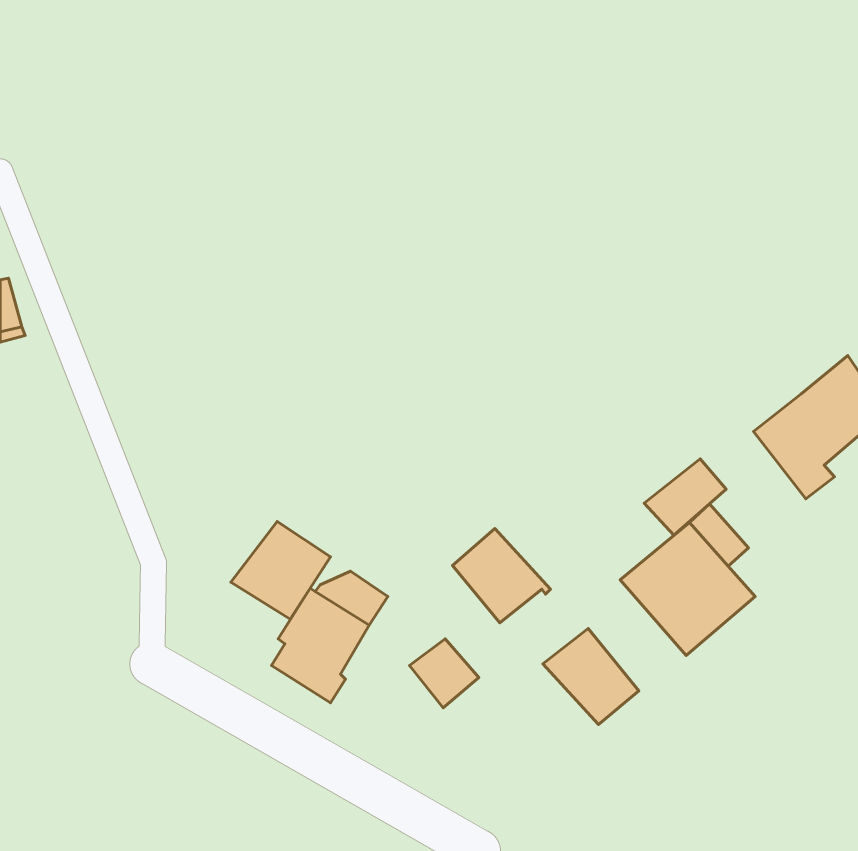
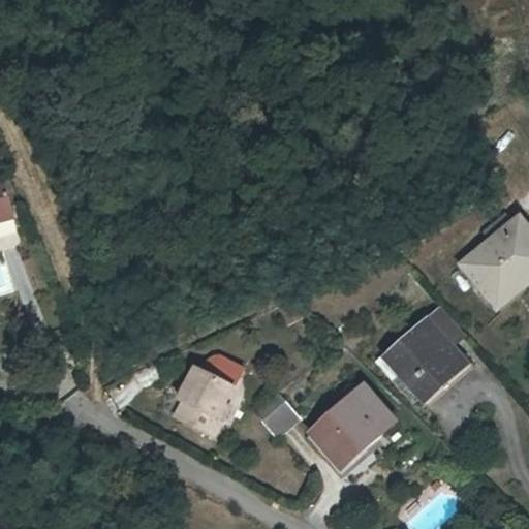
building: [644,459,726,535] -> none
building: [231,522,330,619] -> none
building: [453,528,550,623] -> [309,407,369,465]

